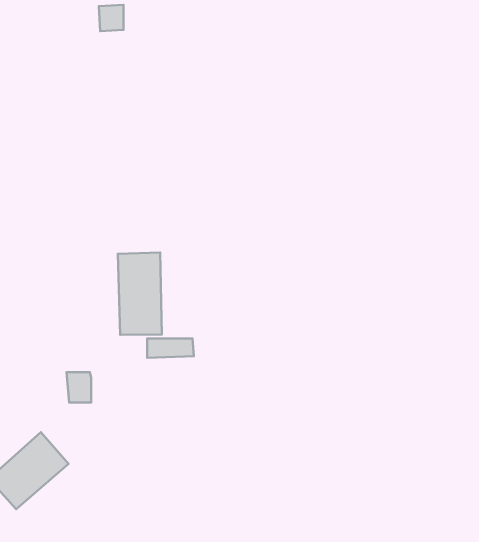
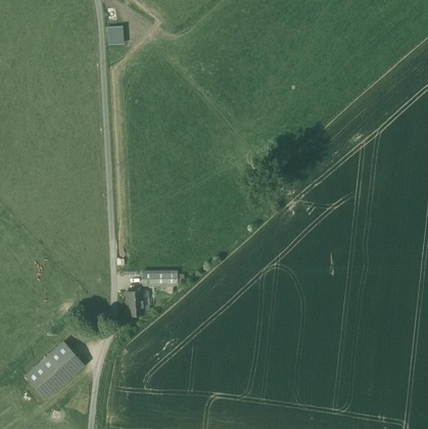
building: [118,253,162,335] -> none
building: [67,372,91,403] -> [126,292,144,315]

